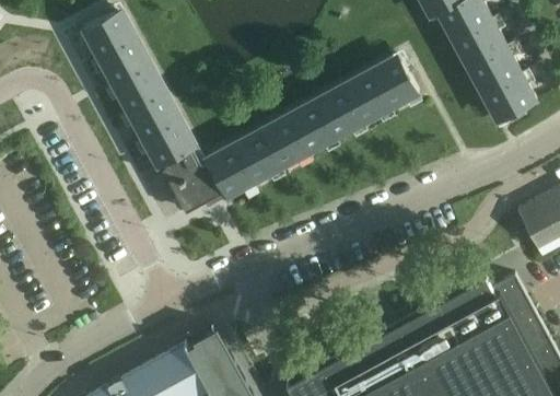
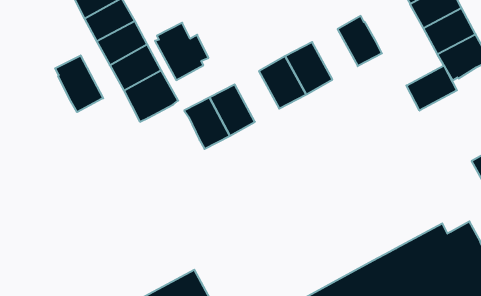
building: [345,69,394,124] -> none
building: none -> [55,55,103,112]
building: none -> [406,65,457,111]
building: [260,115,308,170] -> none
building: [164,151,222,213] -> [155,23,208,80]

